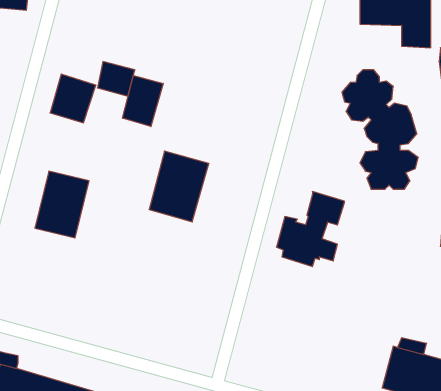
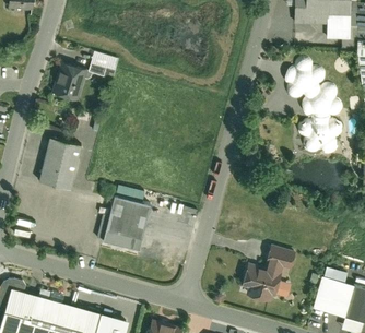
building: [123,76,163,127] -> none
building: [149,151,209,222] -> [104,195,151,251]
building: [276,192,344,267] -> [240,241,294,300]

